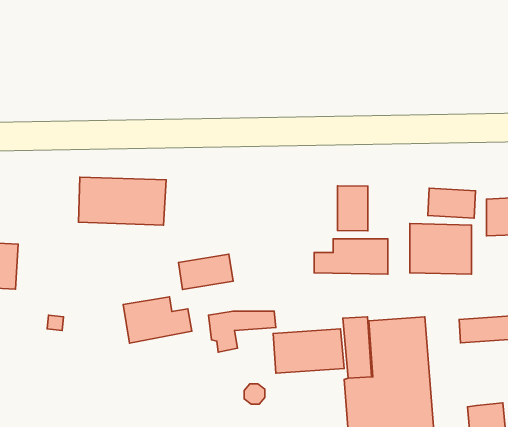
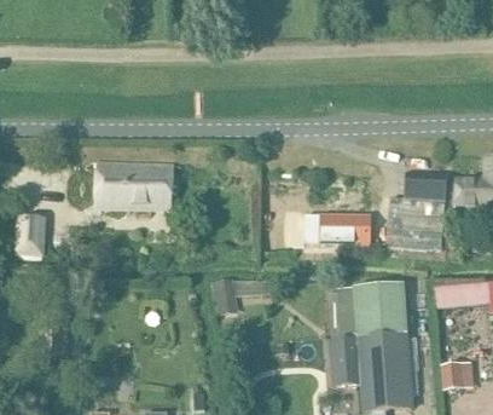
building: [337,186,368,231] -> none
building: [178,254,233,290] -> none
building: [123,297,192,343] -> none
building: [273,329,344,373] -> none

